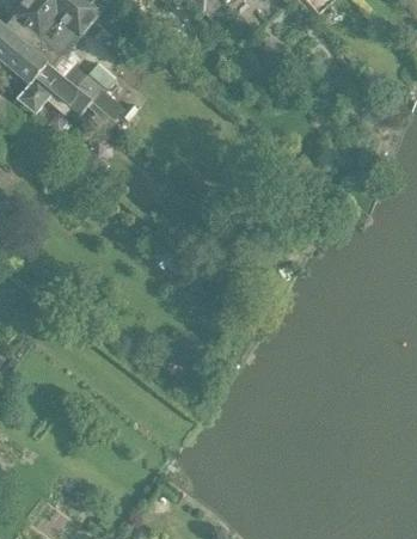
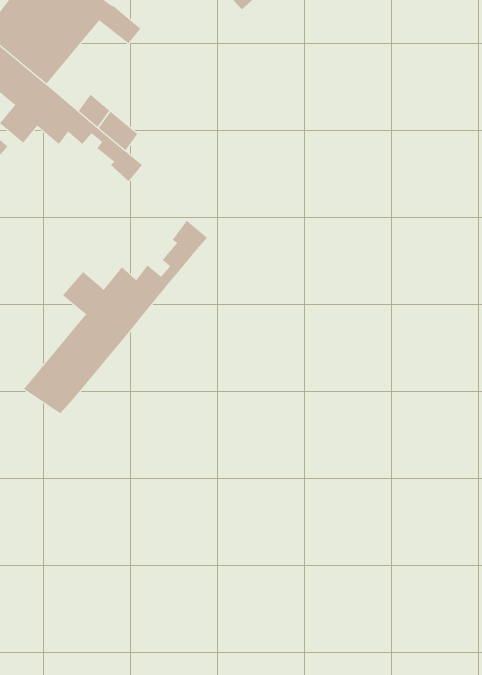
building: none -> [23,220,208,414]

